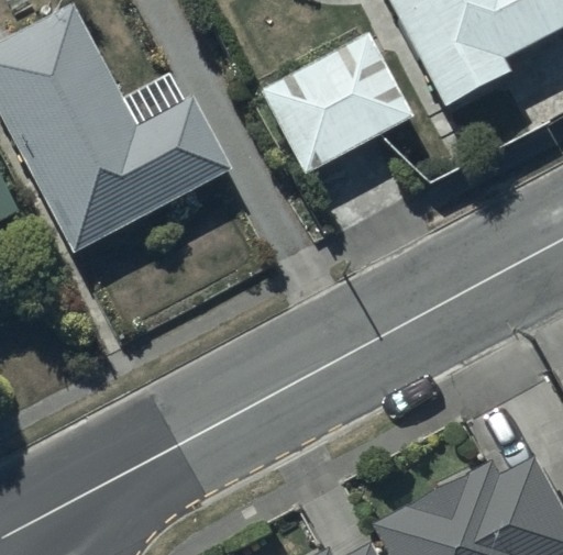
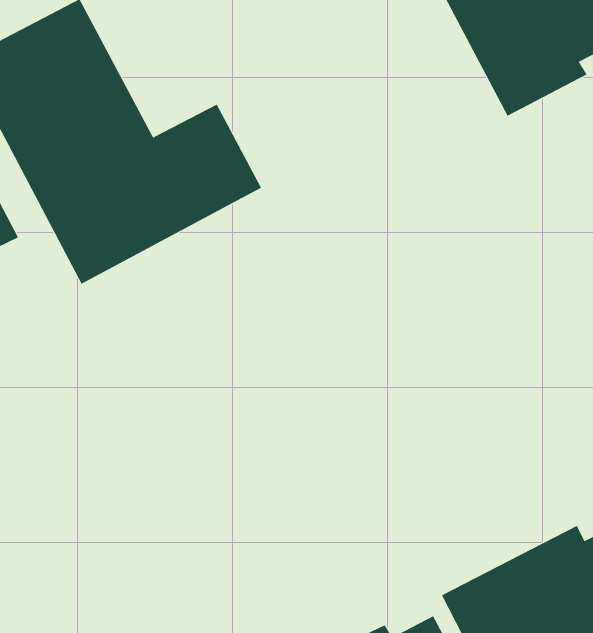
building: [255,24,416,176] -> none

